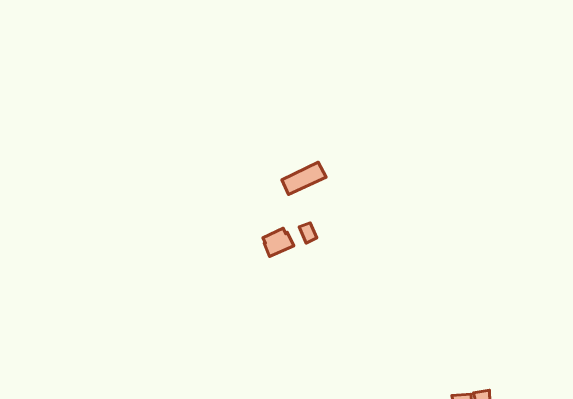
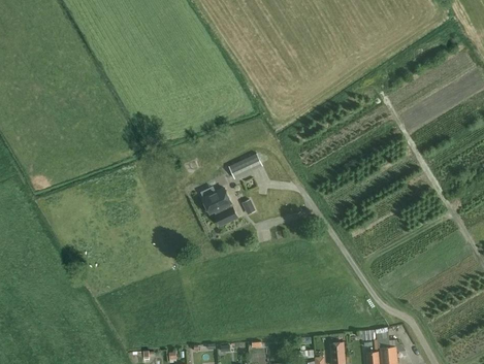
building: none -> [201,188,231,213]

